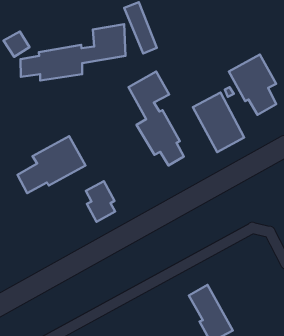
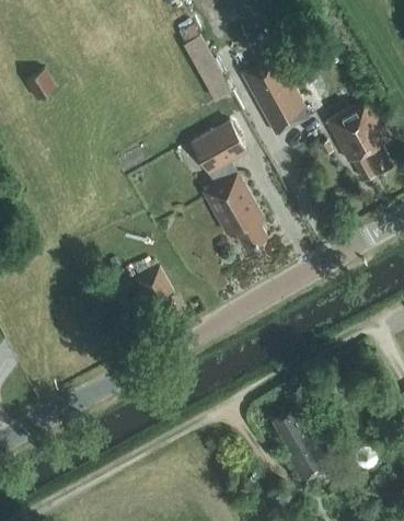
building: [20,24,126,81] -> none
building: [193,92,244,152] -> [241,55,310,135]
building: [18,136,86,193] -> none

